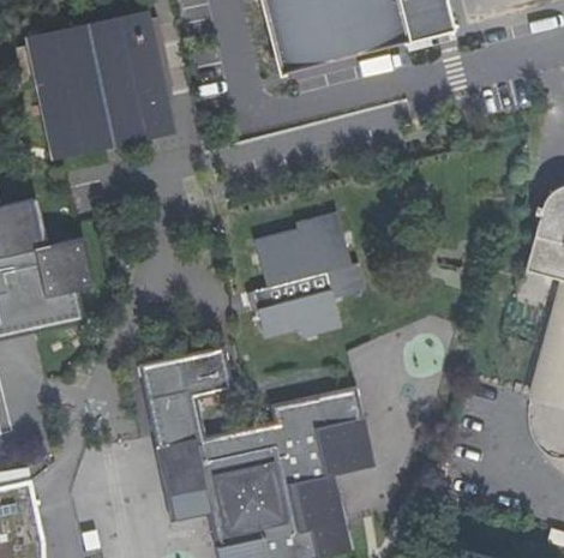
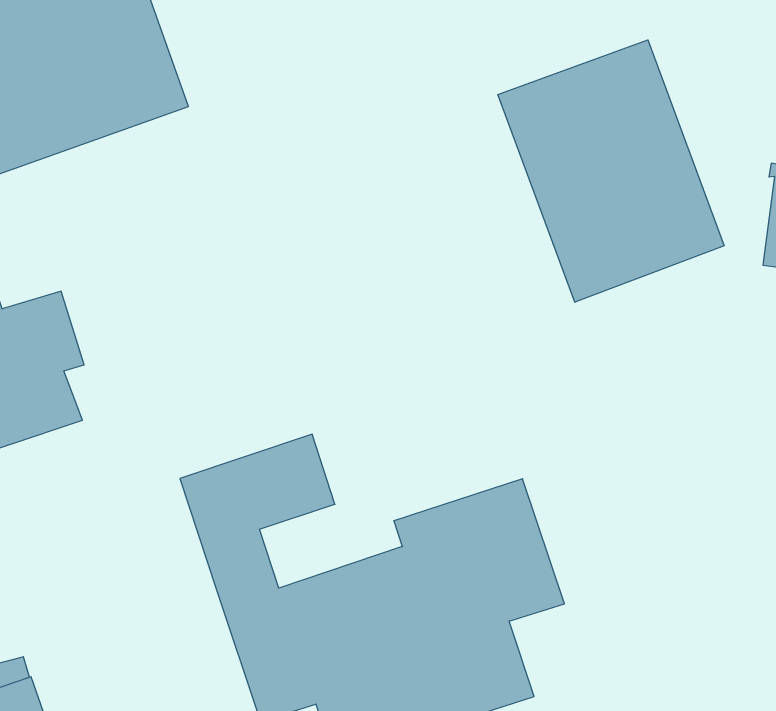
building: none -> [498,40,724,302]
building: [256,218,367,341] -> none

